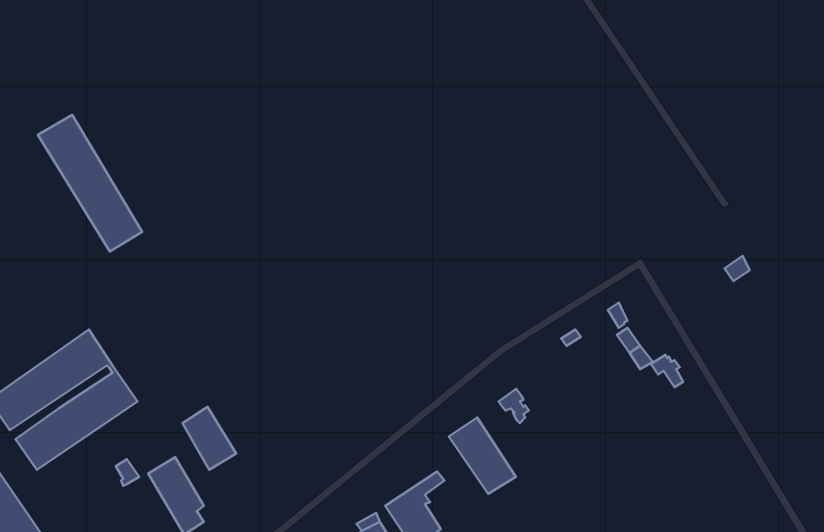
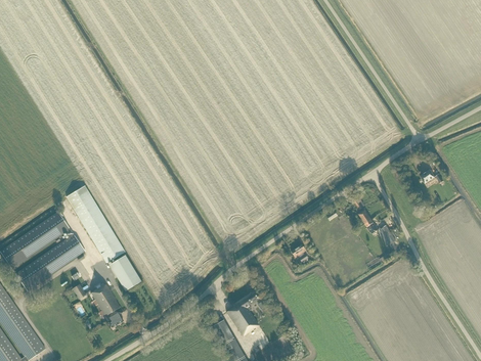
building: [38,115,142,252] -> [64,185,124,263]
building: [449,418,516,494] -> none

